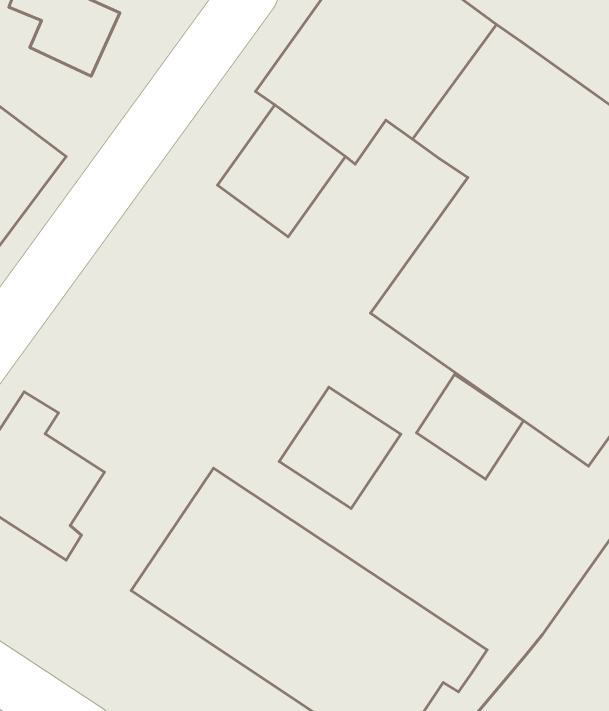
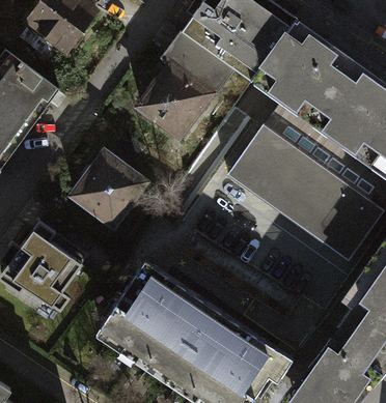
building: none -> [74,155,144,225]
building: [416,375,524,479] -> none
building: [279,387,401,508] -> none

